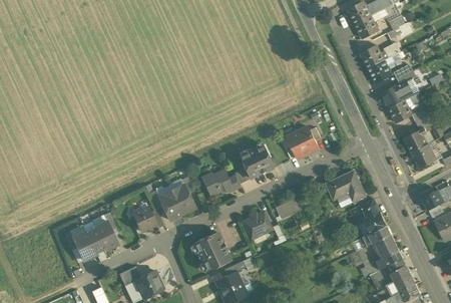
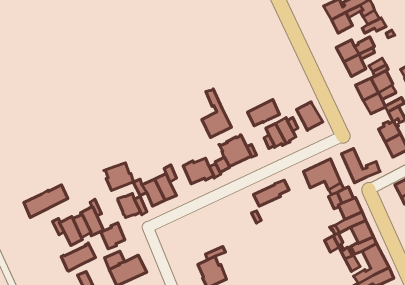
building: none -> [202,89,231,137]
building: none -> [248,100,280,126]
building: none -> [296,102,323,130]
building: none -> [341,148,380,183]
building: none -> [104,163,134,190]
building: none -> [24,185,68,217]
building: [243,213,271,239] -> none
building: [192,233,229,271] -> none
building: none -> [101,223,125,249]
building: none -> [61,243,96,271]

